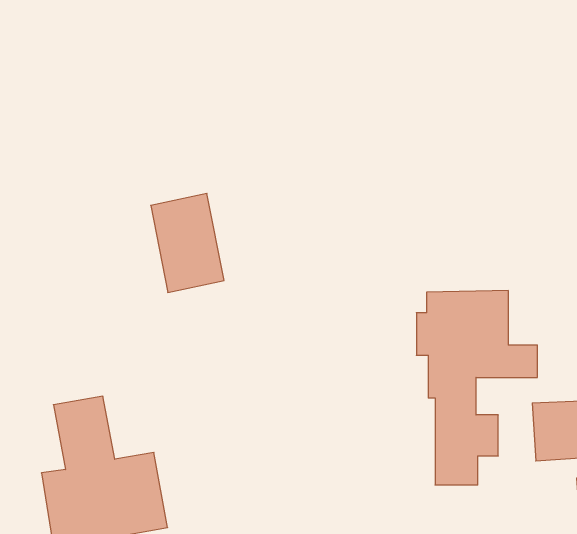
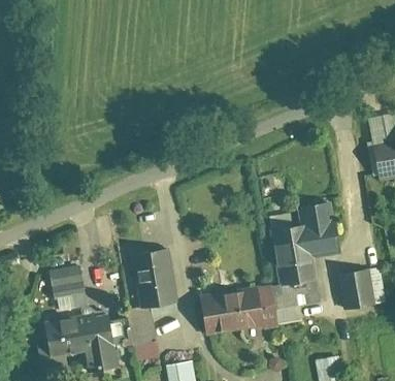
building: [151,193,224,292] -> [134,248,178,308]
building: none -> [206,285,267,335]

